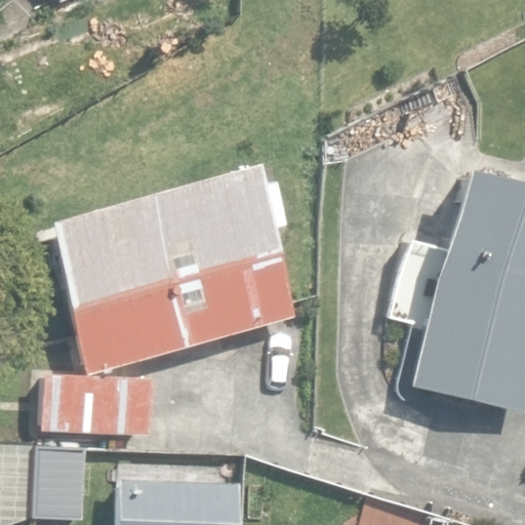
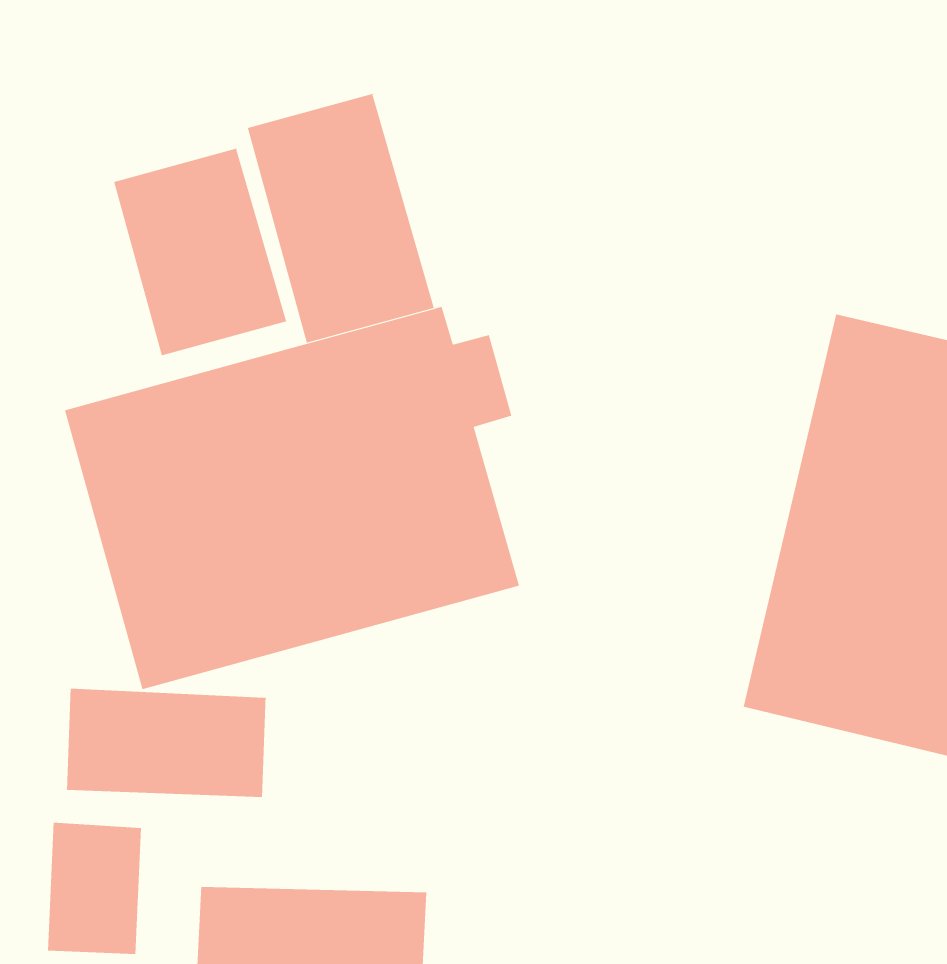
building: none -> [247,93,434,343]
building: none -> [113,147,287,356]

